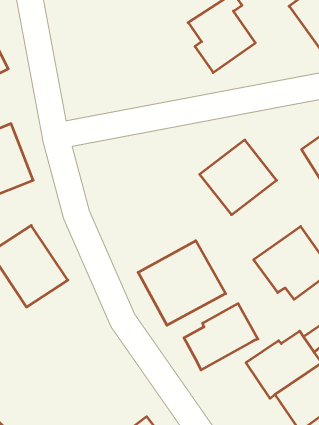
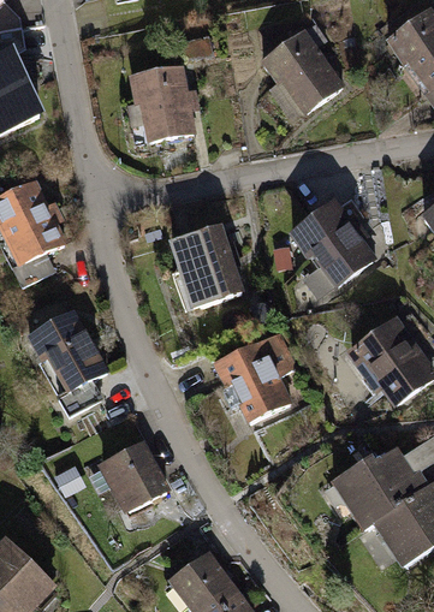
building: none -> [129,59,201,137]
building: none -> [164,226,254,316]
building: [184,304,258,370] -> none
building: none -> [84,439,165,521]

